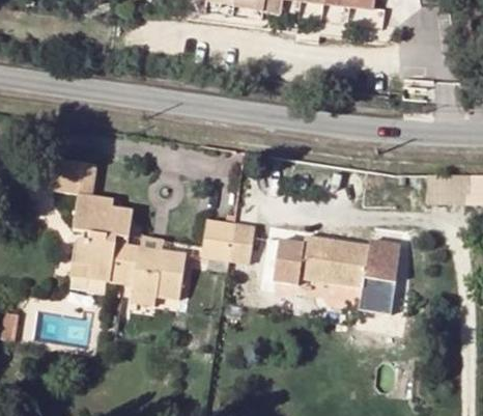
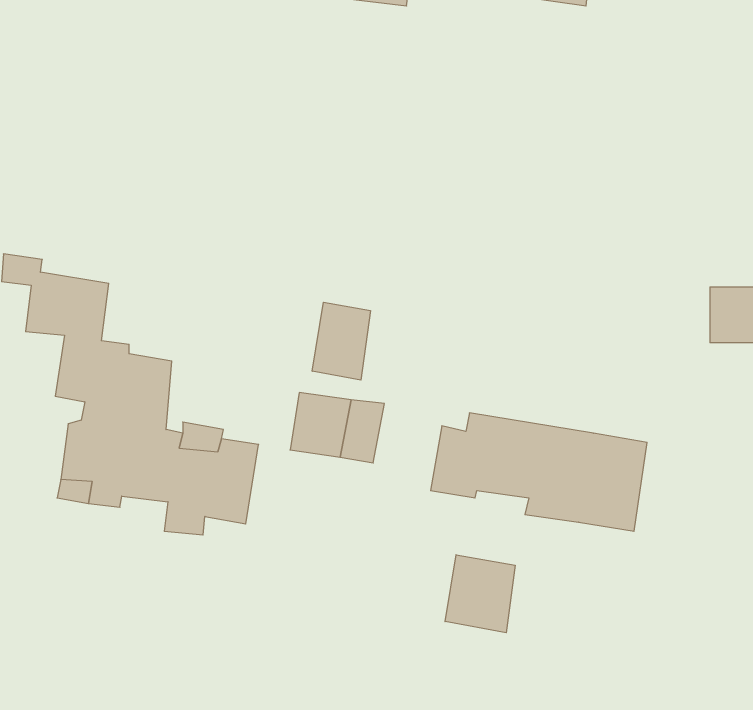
building: none -> [312,302,370,380]
building: none -> [445,555,515,633]

